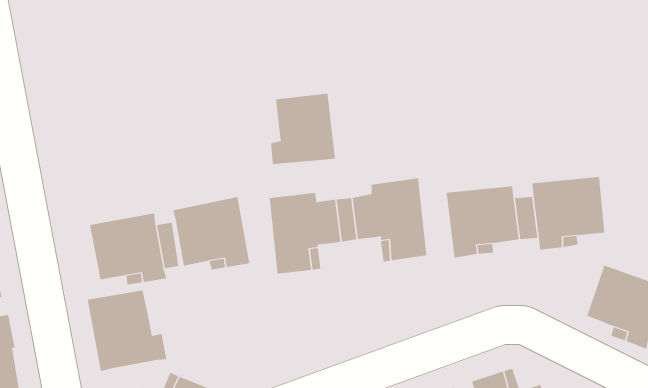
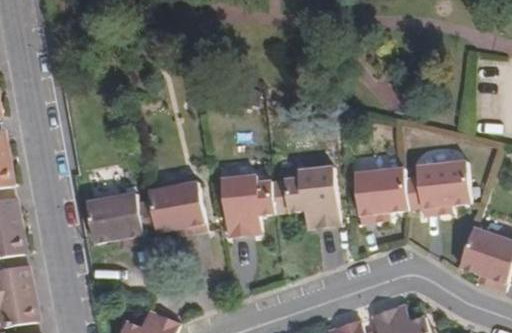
building: [270,93,336,165] -> none
building: [87,290,167,372] -> none

